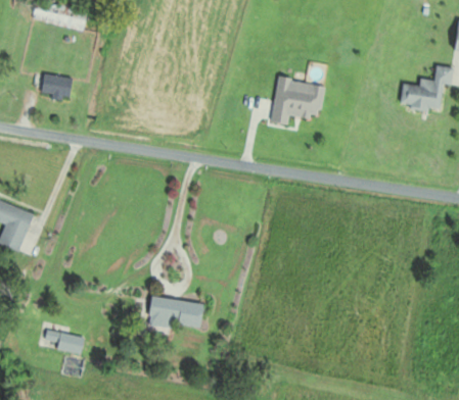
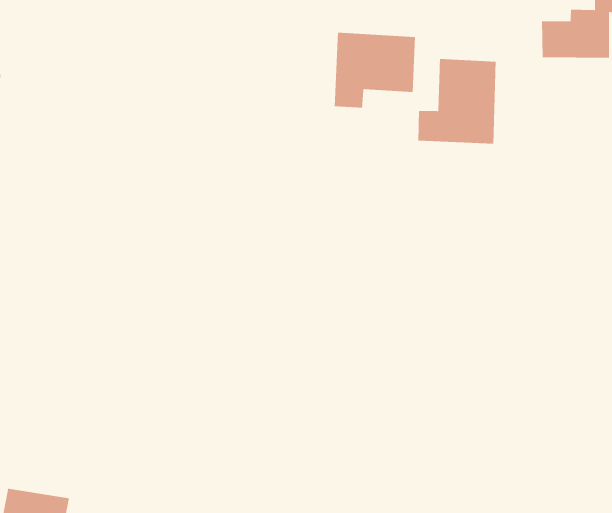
building: none -> [417,58,497,144]
building: [149,296,204,327] -> none

